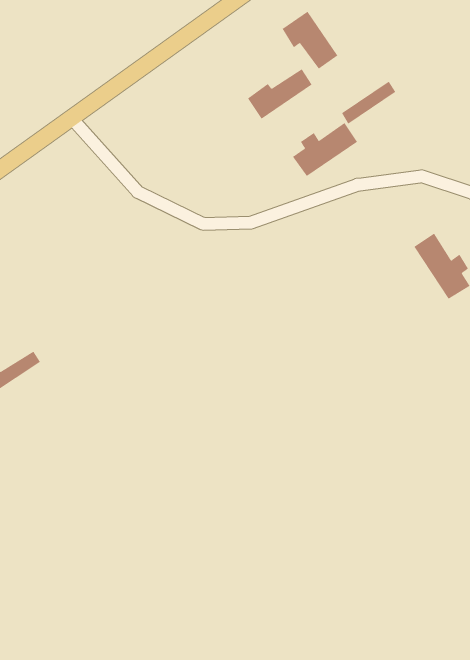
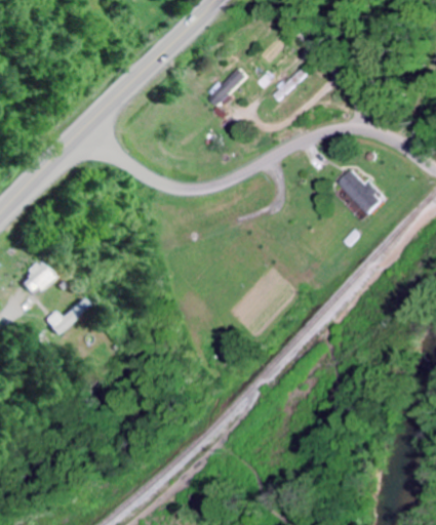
building: [282,11,338,70] -> none
building: [292,122,358,177] -> none

